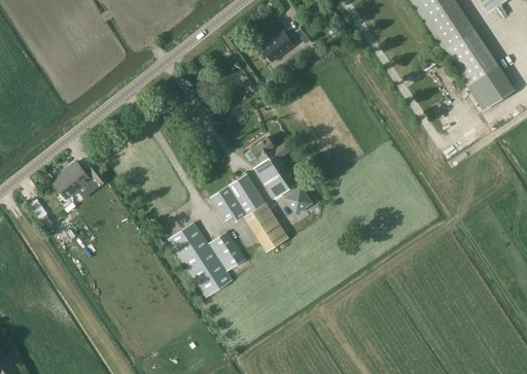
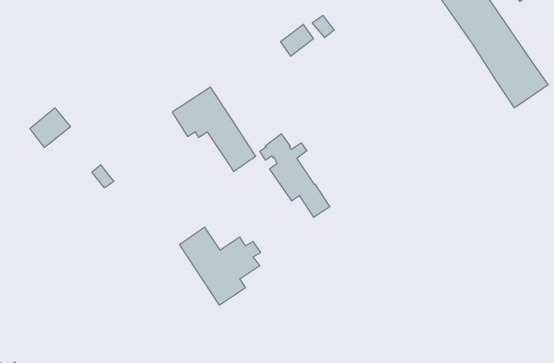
building: [51,162,90,199] -> [30,108,70,147]
building: [209,174,287,253] -> [172,87,256,171]

